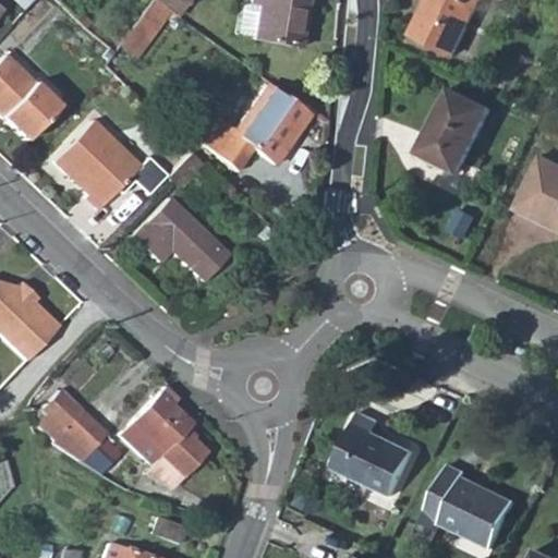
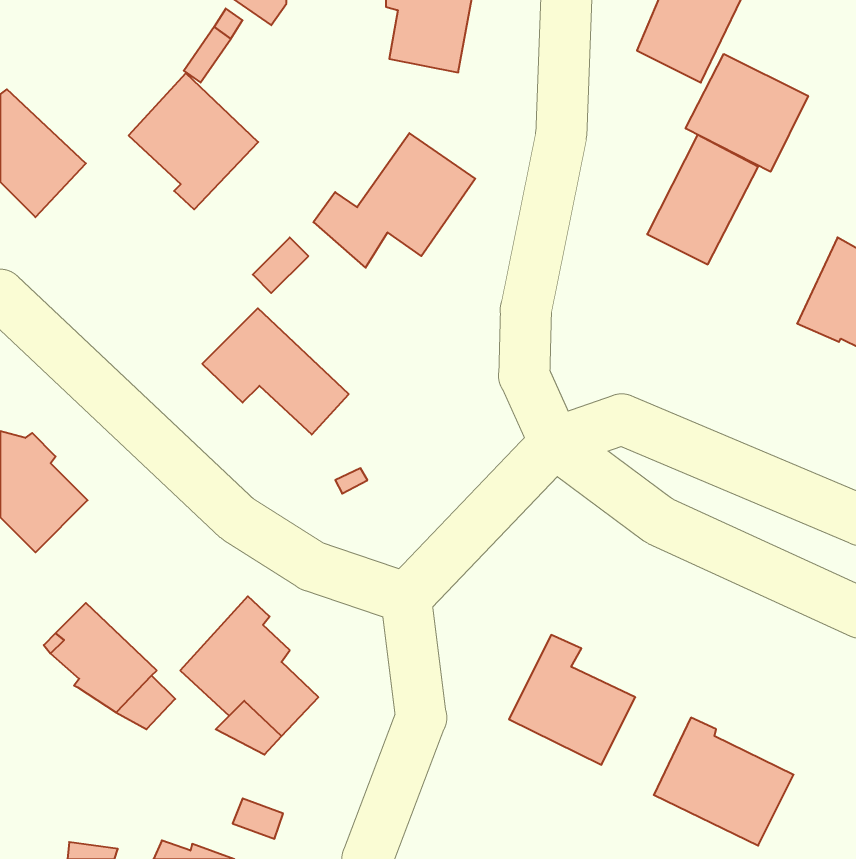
building: none -> [686,54,808,172]
building: [56,122,140,210] -> [129,73,258,209]

